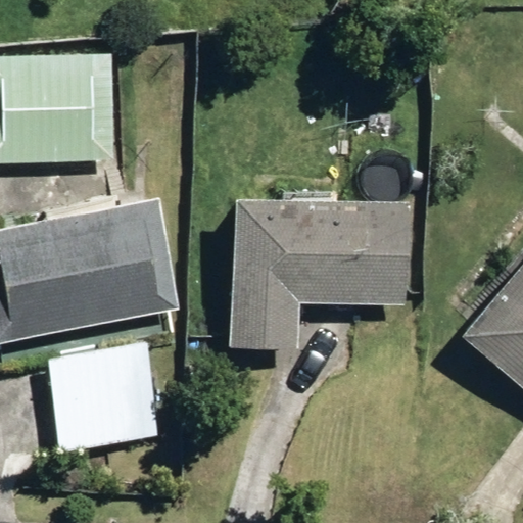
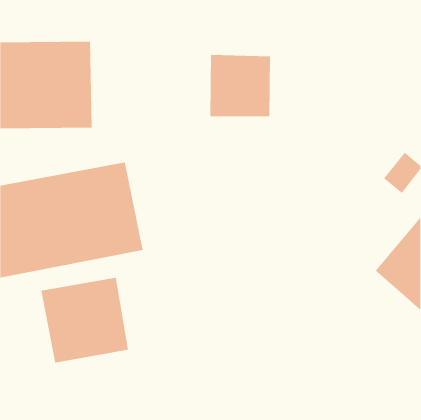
building: none -> [210,54,270,117]
building: [233,201,410,350] -> none

